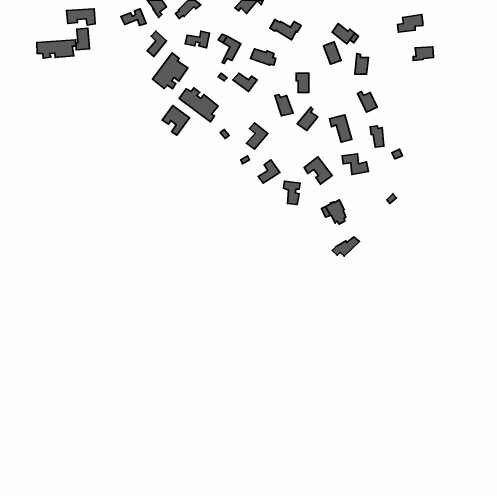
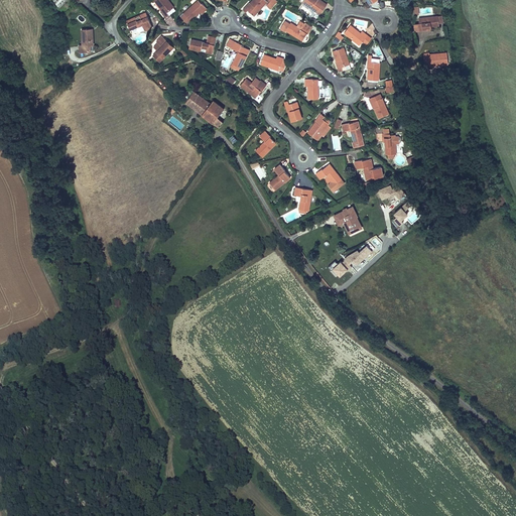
building: [66,9,95,25] -> none
building: [37,40,76,58] -> none
building: [152,53,188,89] -> none
building: [162,105,190,135] -> none

